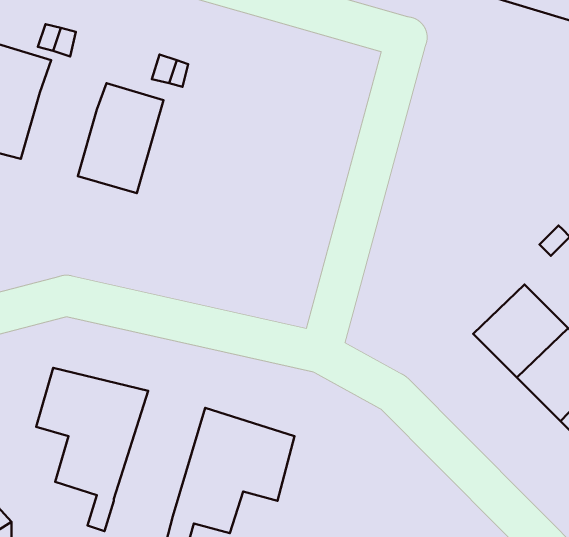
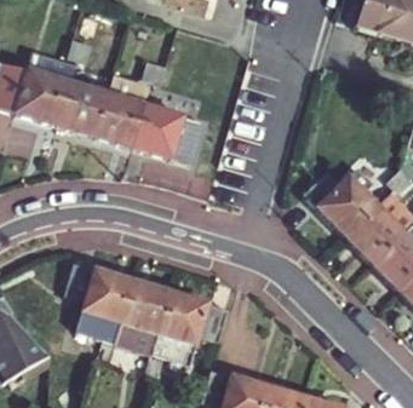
building: none -> [57,84,105,137]
building: none -> [131,105,201,163]
building: none -> [305,169,378,237]
building: none -> [116,274,174,354]

